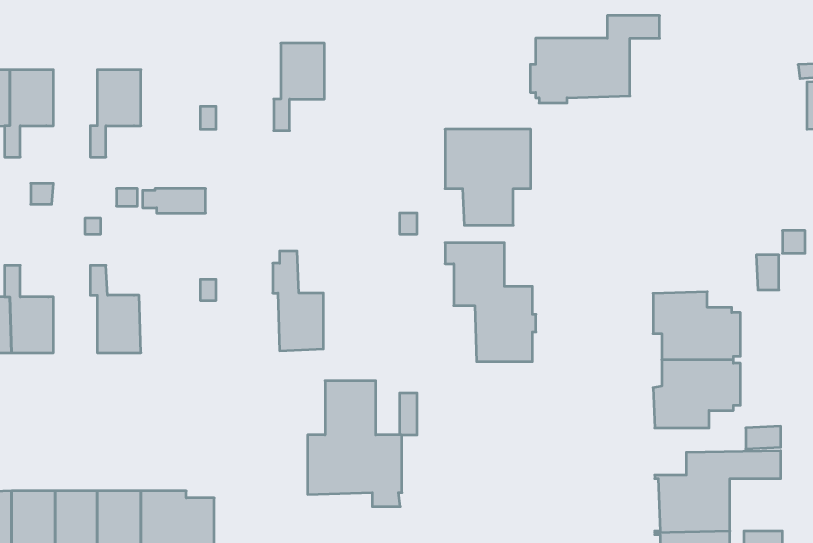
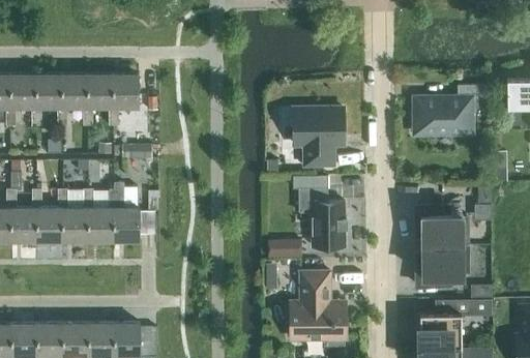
building: [530,16,660,103] -> [412,86,489,138]
building: [274,43,324,131] -> [109,74,139,126]
building: none -> [57,74,87,126]
building: [273,251,323,351] -> [109,183,139,242]
building: none -> [58,190,87,242]
building: none -> [267,240,300,258]
building: [308,381,402,507] -> [290,272,346,347]

